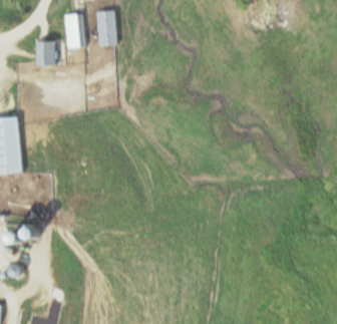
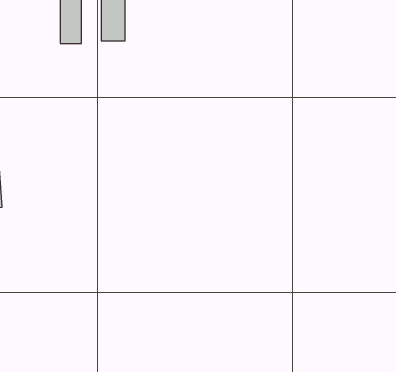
building: [36,42,54,65] -> none

